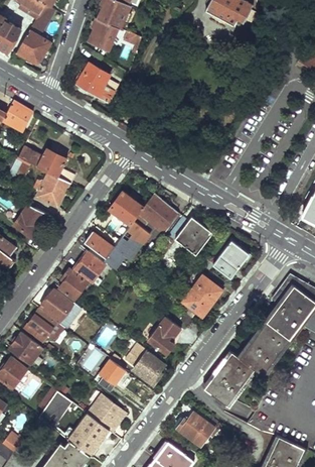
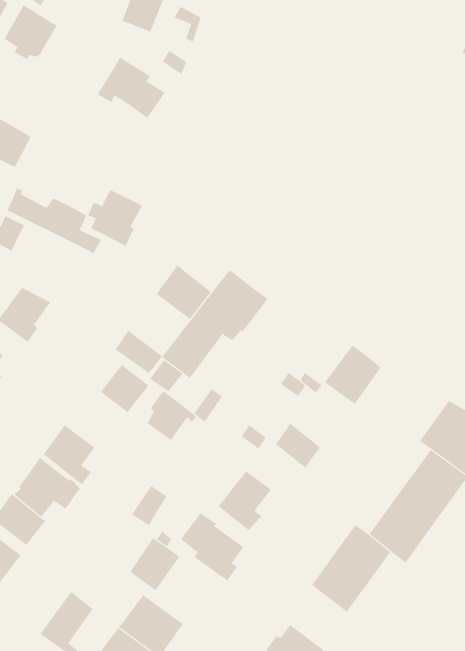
building: [34,172,68,208] -> [87,189,143,246]
building: [167,215,210,254] -> none
building: [59,268,91,300] -> [147,390,197,441]
building: [192,275,222,304] -> none

